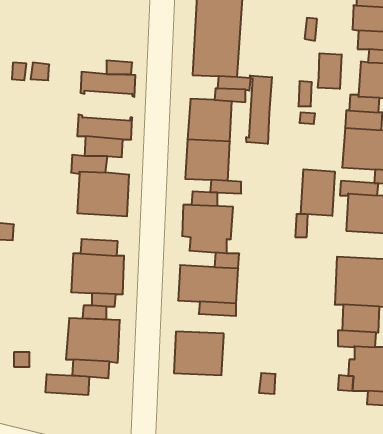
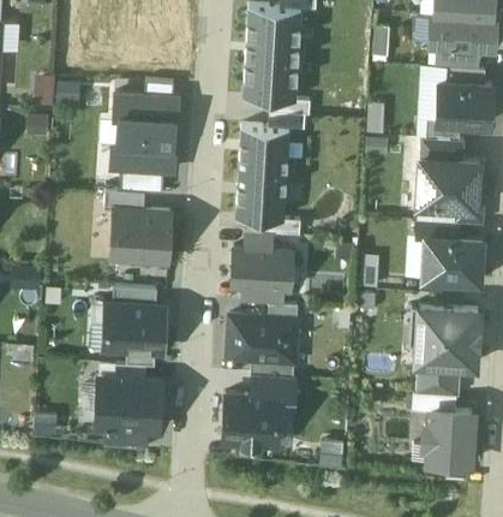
building: [318,53,342,89] -> none
building: [246,75,272,144] -> none
building: none -> [116,114,174,149]
building: [301,169,335,216] -> none
building: none -> [252,374,293,398]
building: [46,374,89,395] -> none

